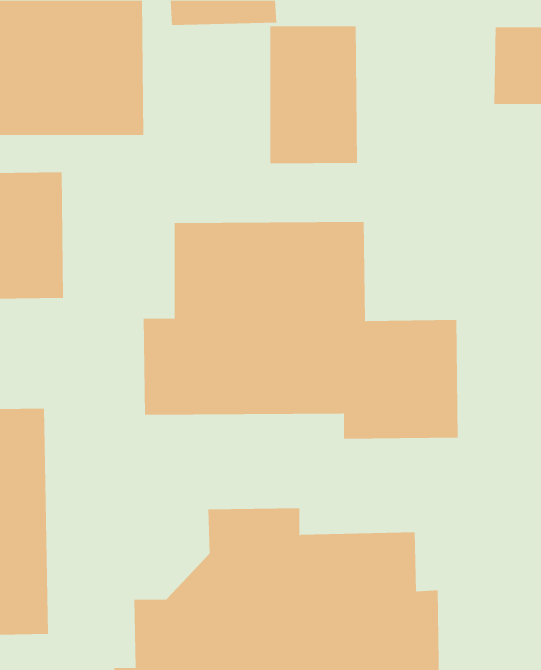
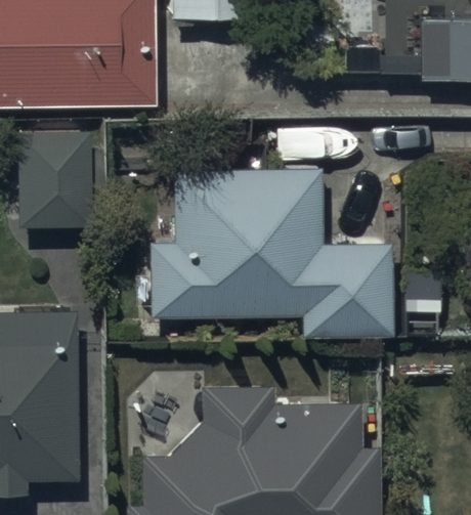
building: [270,25,357,164] -> none

